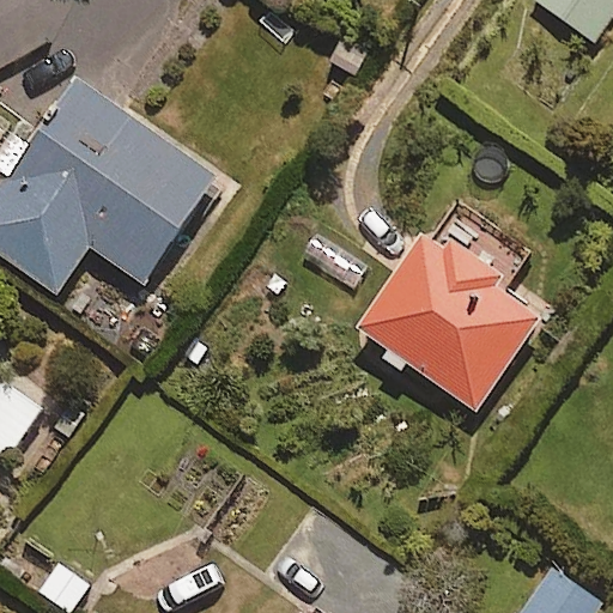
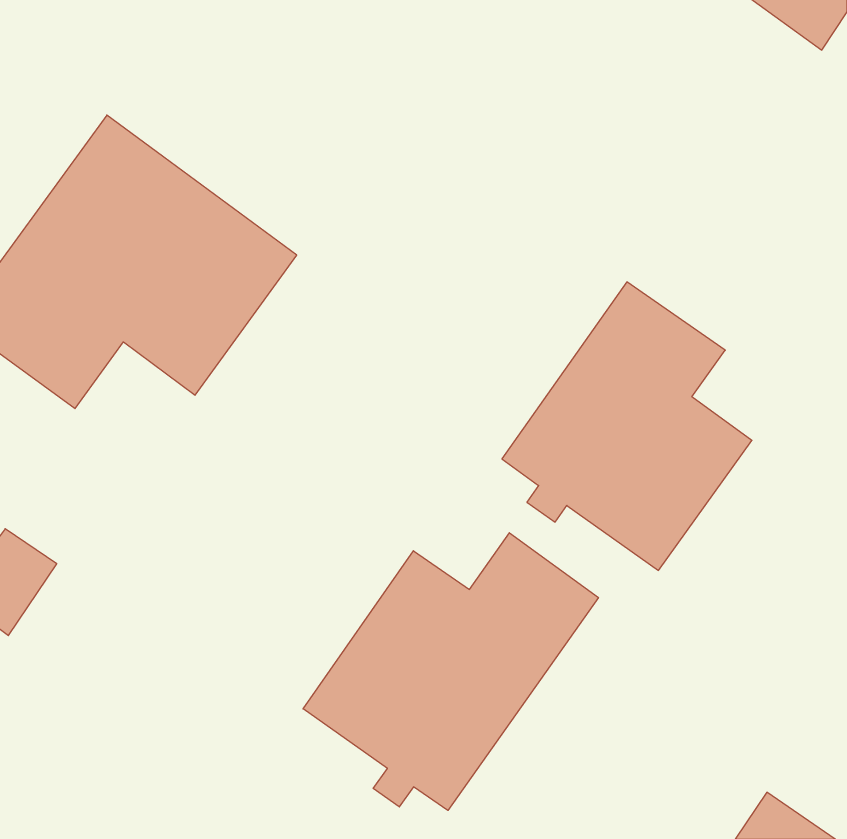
building: none -> [303,533,598,810]

